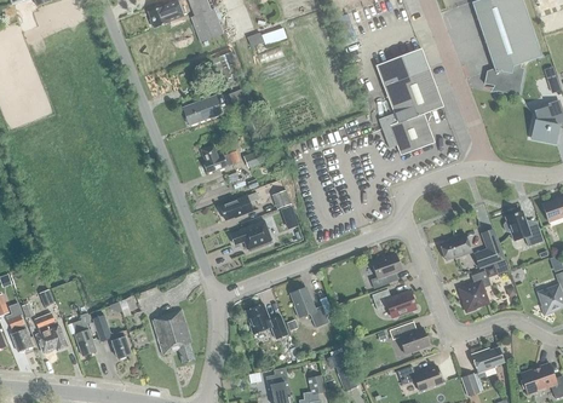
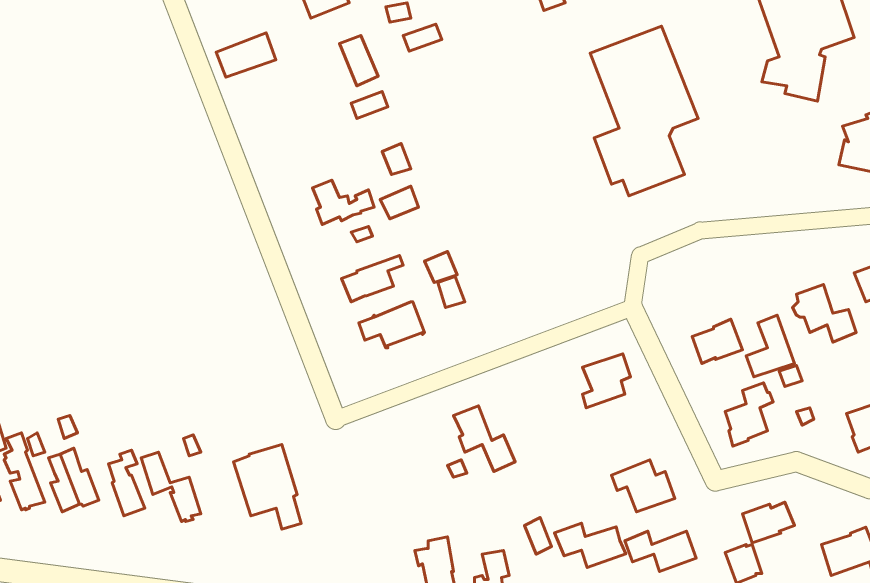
building: [183,96,220,123] -> [216,33,276,77]
building: [370,288,415,316] -> [554,523,626,567]
building: [245,303,287,338] -> none

